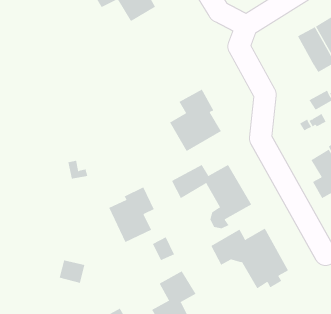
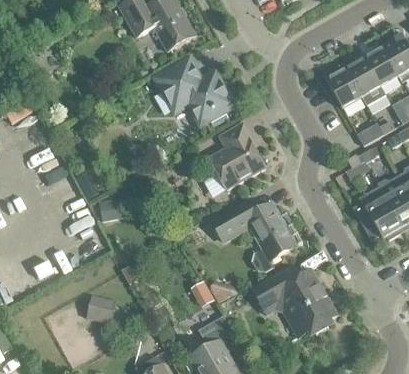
building: none -> [155,57,235,124]
building: none -> [325,62,362,107]
building: [108,187,155,243] -> none

